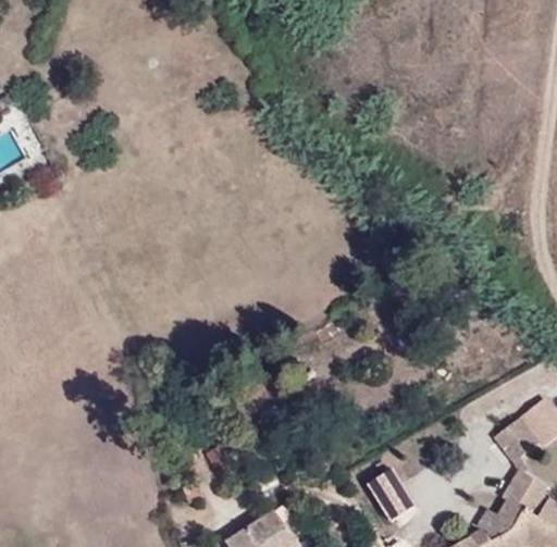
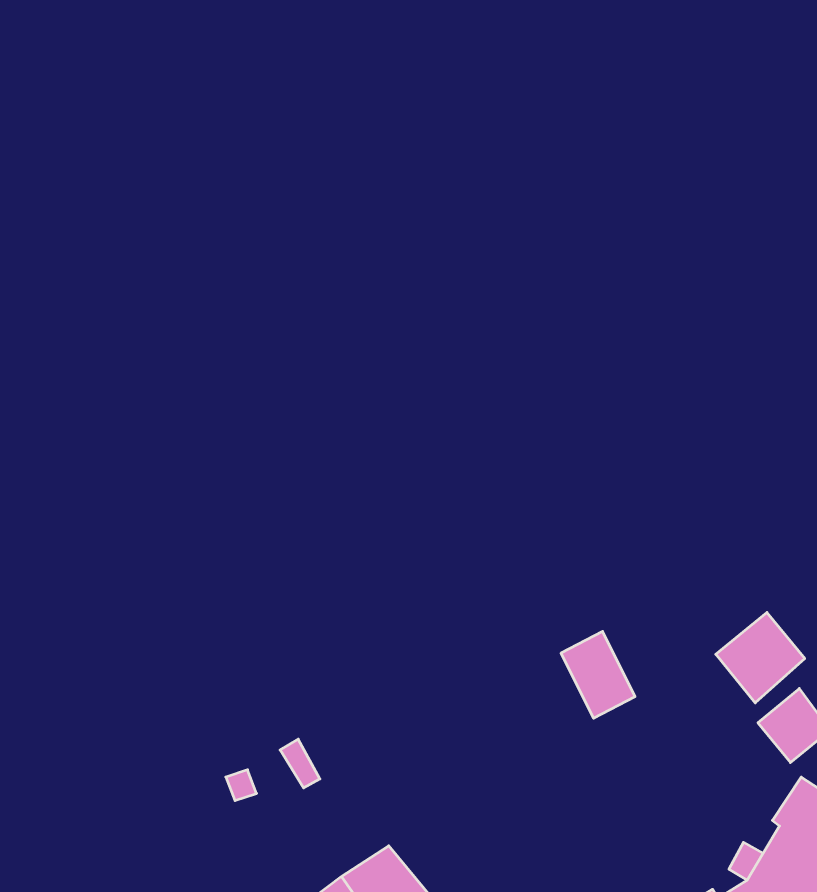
building: none -> [716,612,805,703]
building: [371,470,416,522] -> [561,631,635,718]

